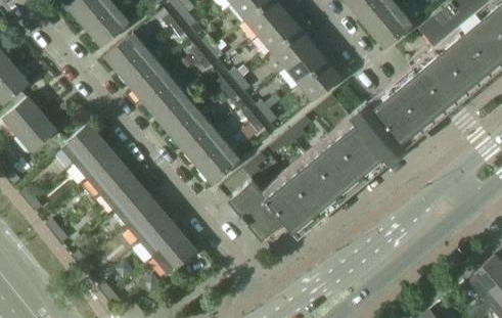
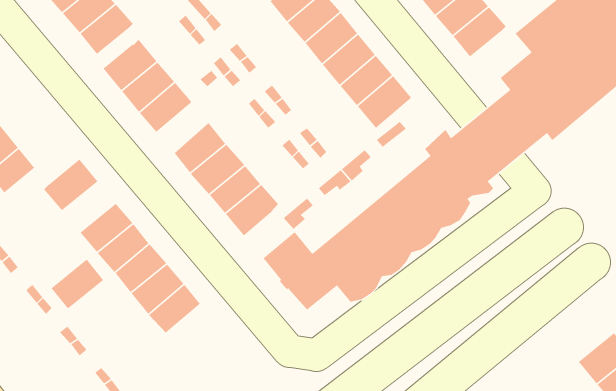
building: [146,81,186,120] -> none
building: [75,141,116,180] -> [50,259,104,310]
building: [153,234,194,273] -> none

